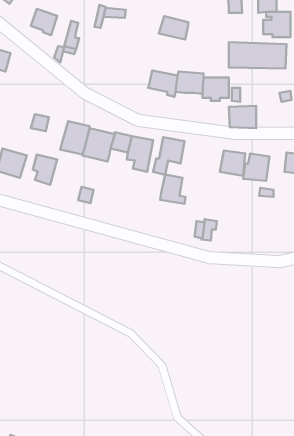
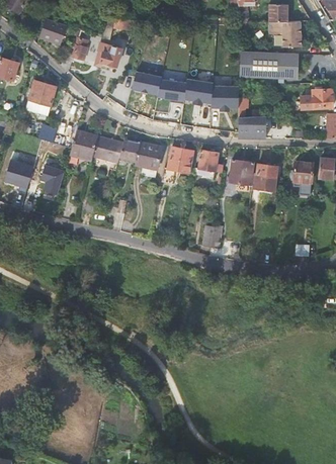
building: [159,16,188,40] -> [132,70,161,93]
building: none -> [94,41,120,65]
building: none -> [26,80,58,114]
building: [160,175,185,204] -> [197,149,223,178]

